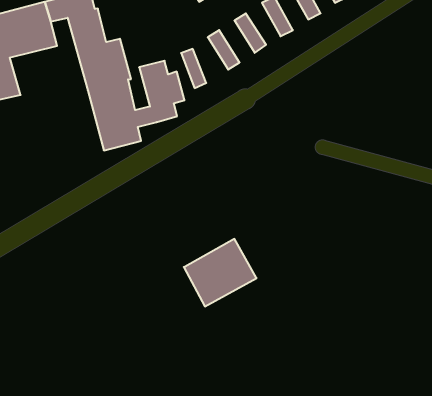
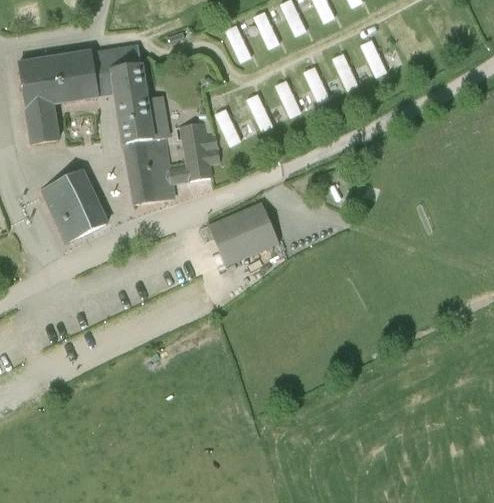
building: none -> [37,169,105,243]
building: [184,239,257,306] -> [206,201,277,265]

